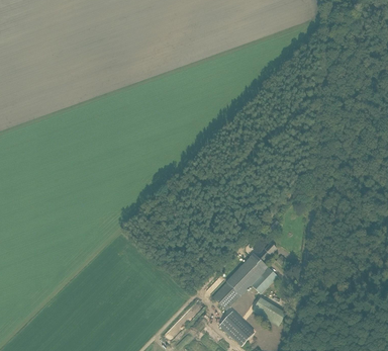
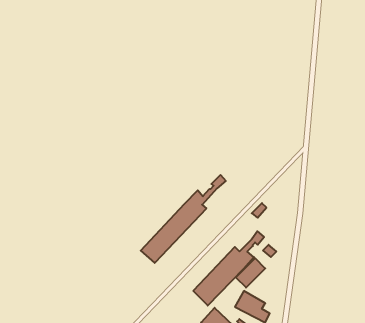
building: none -> [141,175,226,263]

